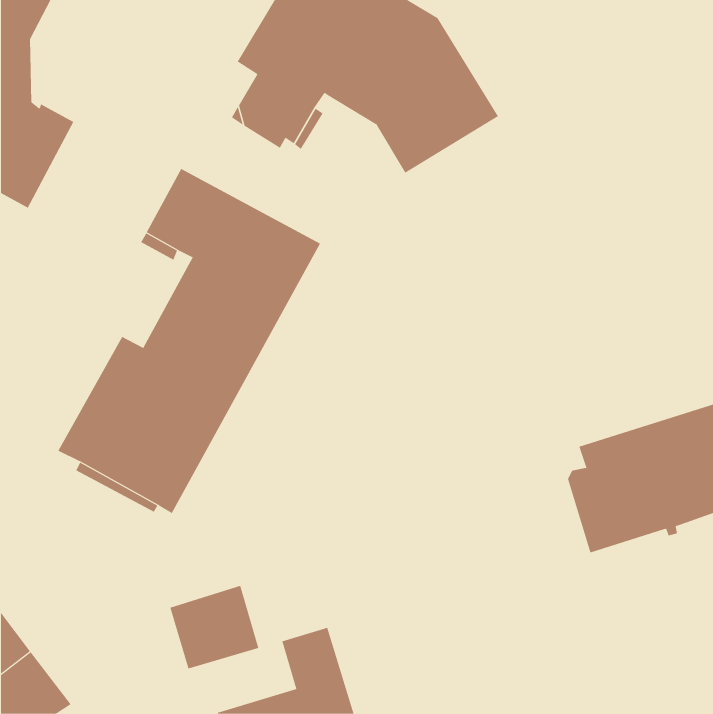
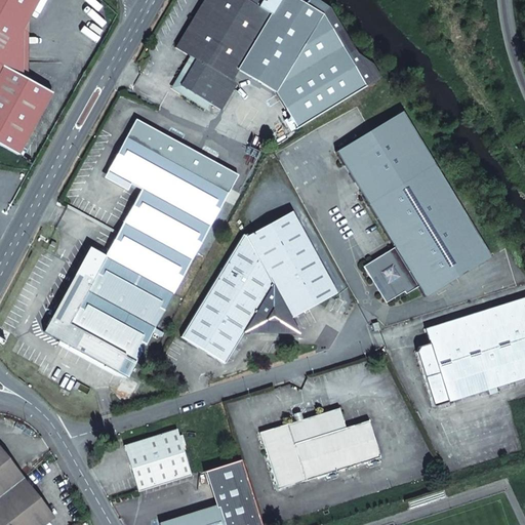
building: none -> [337,111,490,295]
building: none -> [181,211,337,362]
building: none -> [260,407,381,488]

